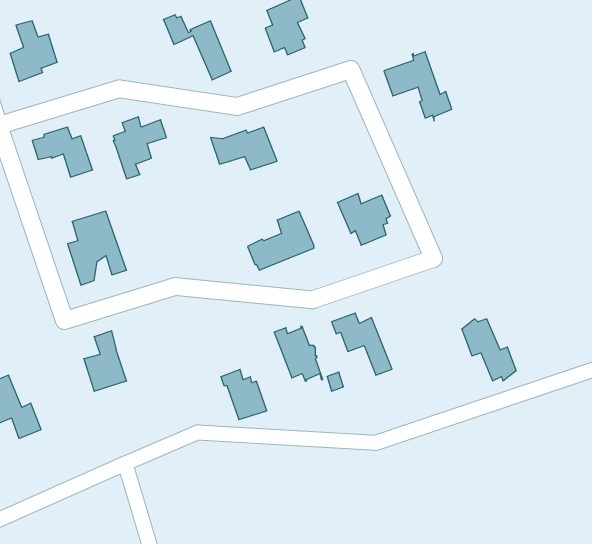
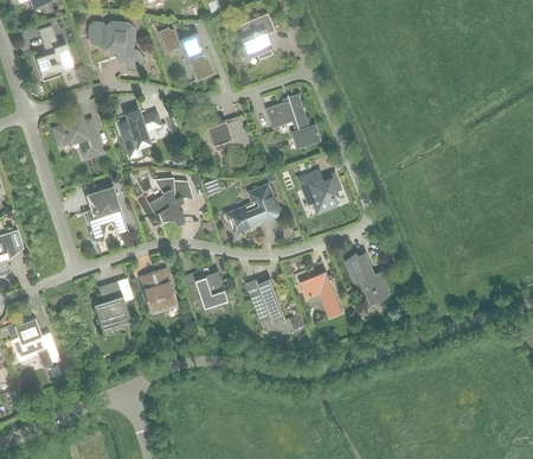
building: none -> [89,20,145,68]
building: [384,52,452,121] -> [265,93,320,148]
building: none -> [148,177,193,221]
building: none -> [139,267,176,311]
building: [462,319,516,381] -> [346,253,390,302]
building: [221,369,267,420] -> [192,267,229,307]

